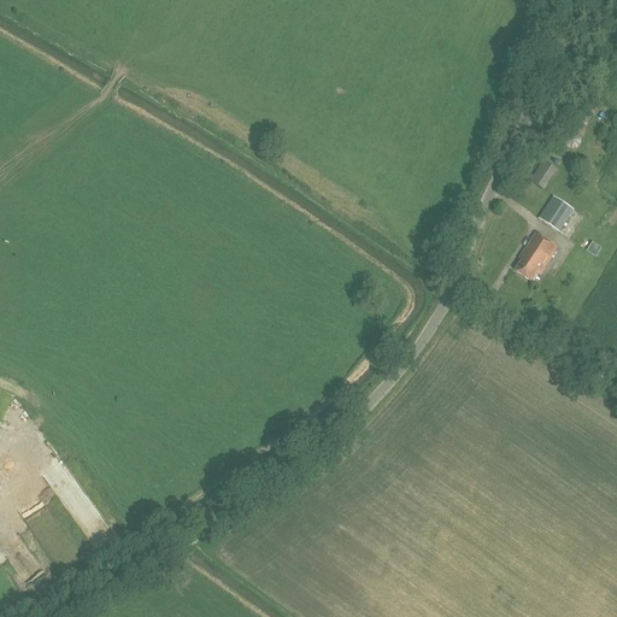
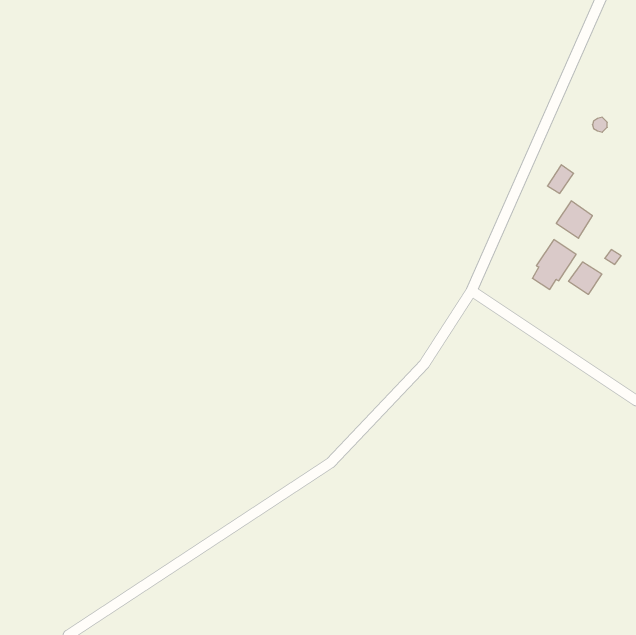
building: none -> [569,262,602,294]

